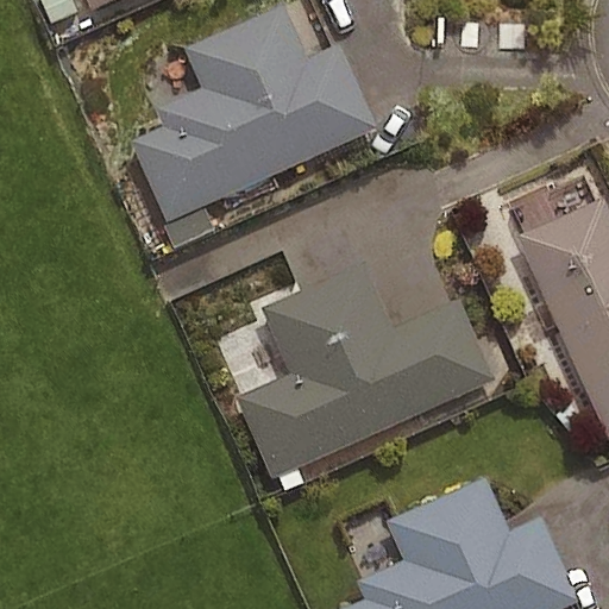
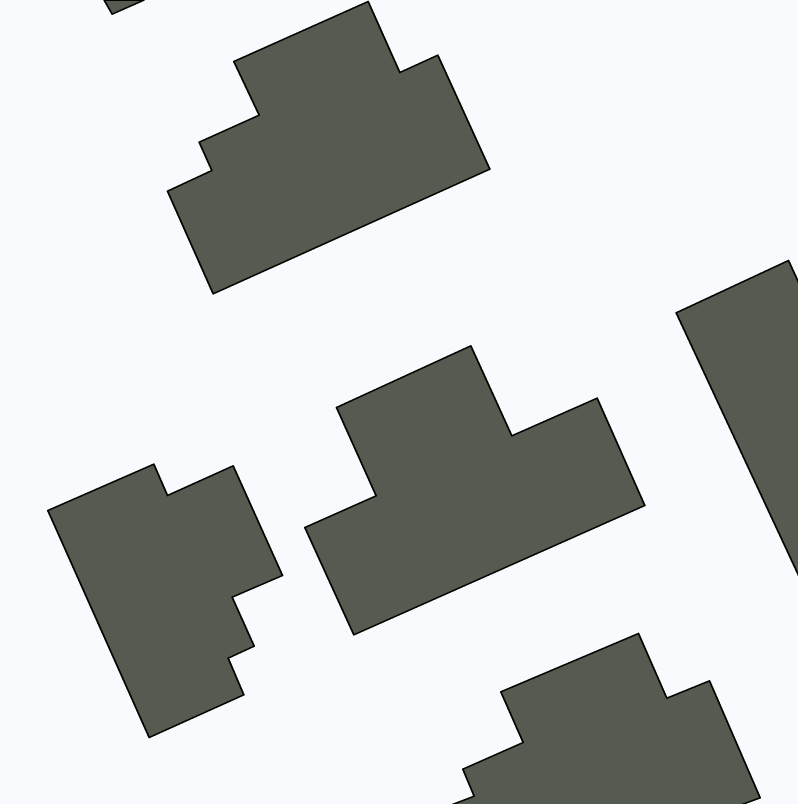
building: none -> [48,464,283,737]

